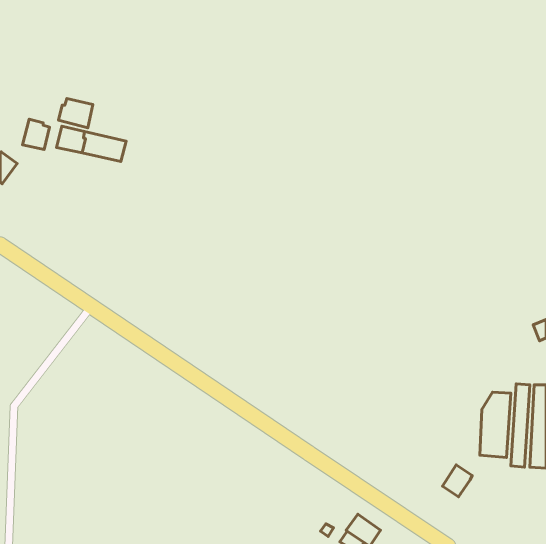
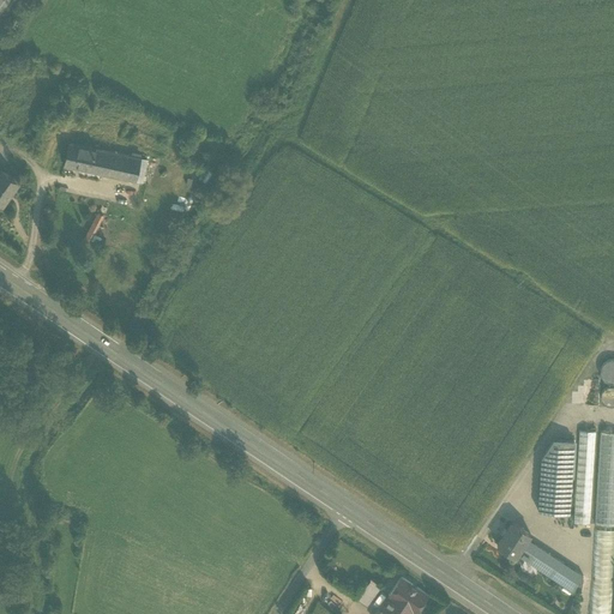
building: [58,98,93,128] -> none
building: [22,119,49,150] -> none
building: none -> [517,541,583,594]

